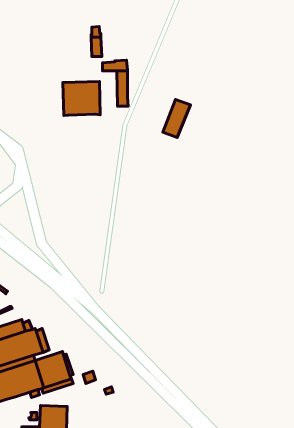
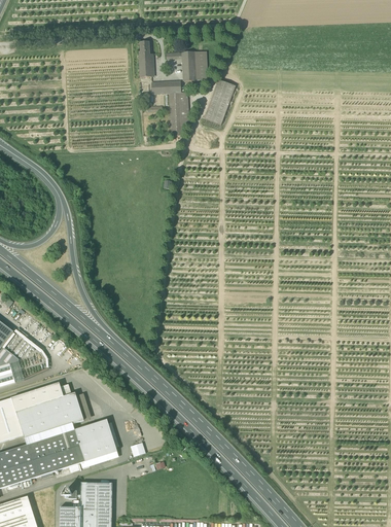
building: none -> [166,49,207,81]
building: [63,82,100,116] -> none
building: [163,100,191,138] -> [203,79,235,124]

